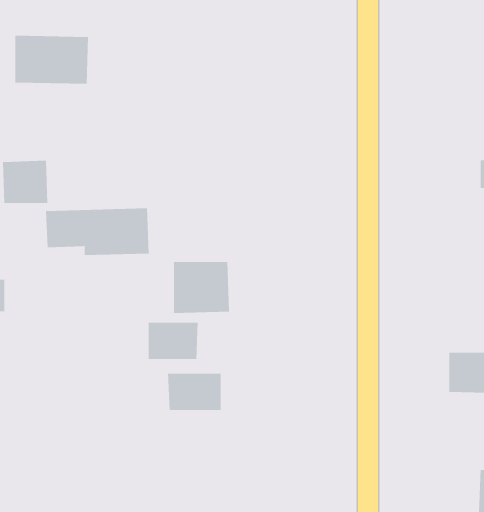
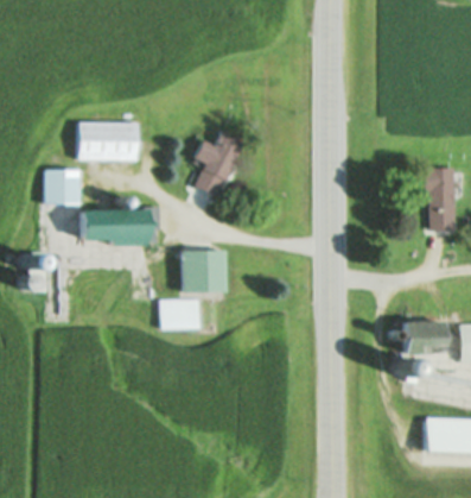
building: [14,35,89,84] -> [78,122,138,162]
building: none -> [193,130,243,195]
building: [167,373,221,411] -> none

